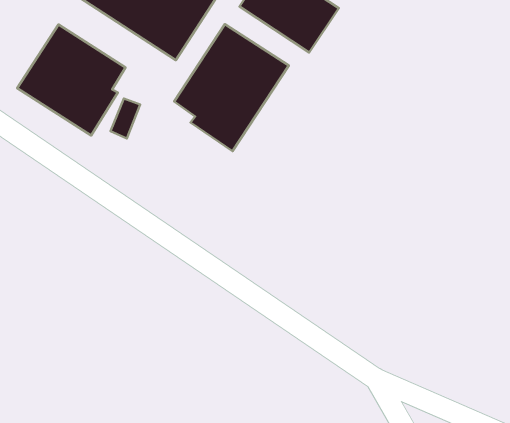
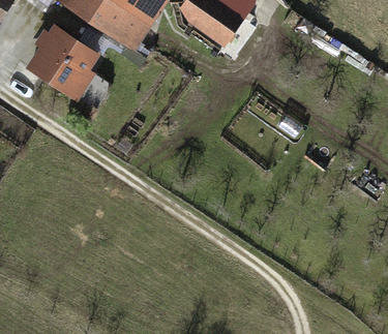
building: [174,24,289,151] -> none

